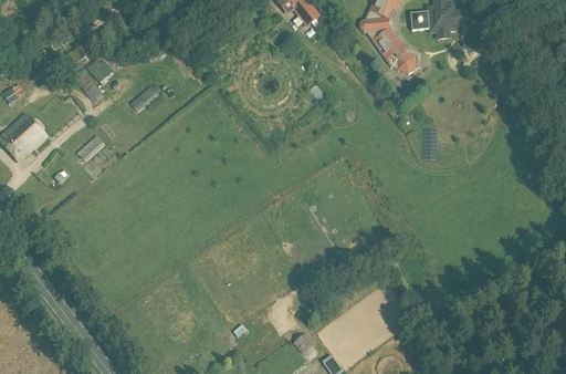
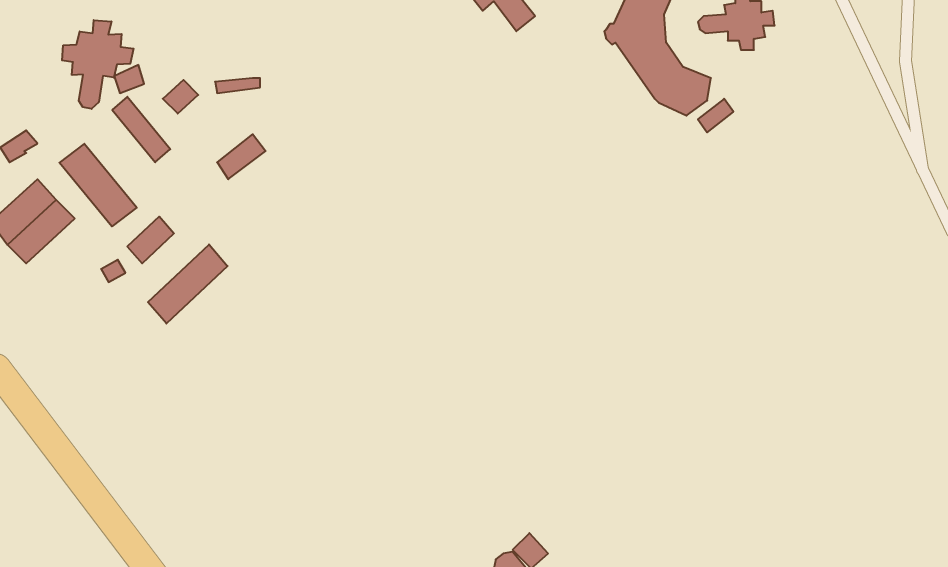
building: none -> [62,20,134,109]
building: none -> [59,144,137,226]
building: none -> [148,244,228,324]

